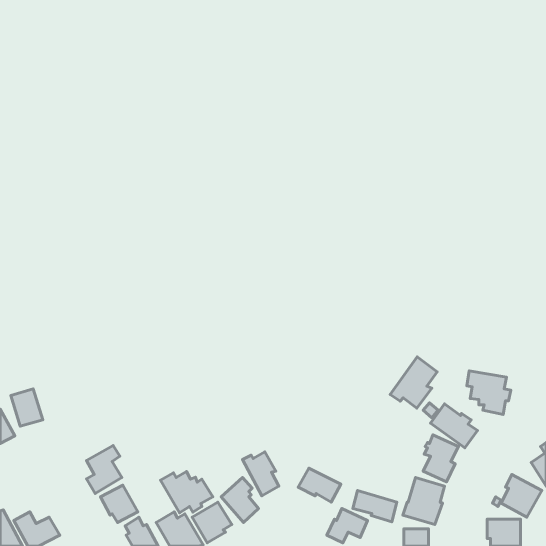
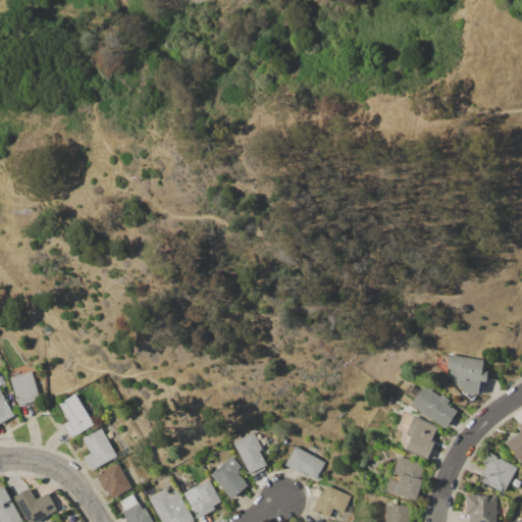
building: [390,357,437,408] -> none
building: none -> [59,394,94,438]
building: [160,471,213,513] -> none
building: [353,490,397,522] -> none

